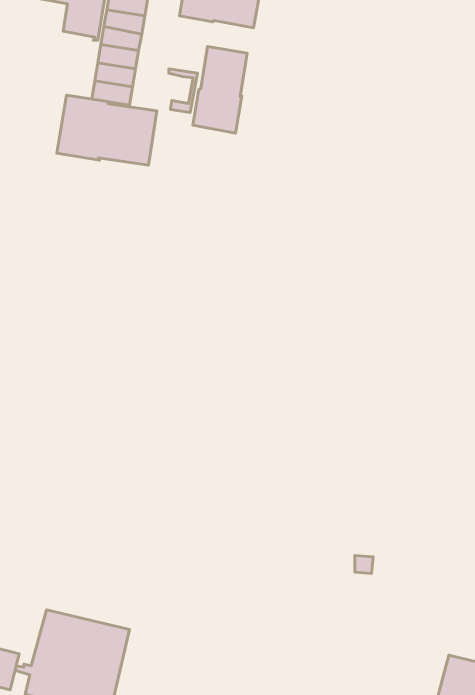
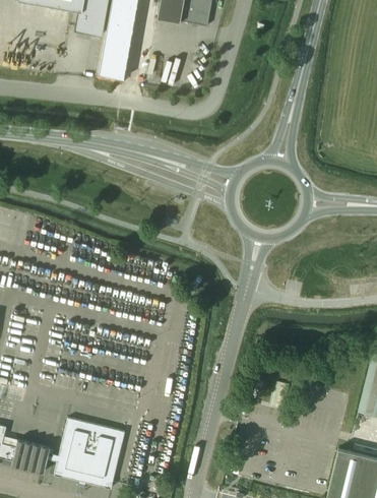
building: [193,46,247,133] -> none
building: [57,95,157,165] -> none

